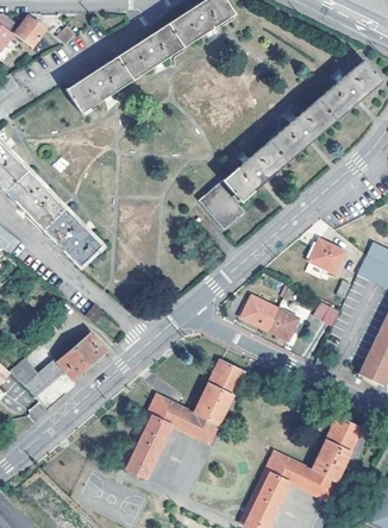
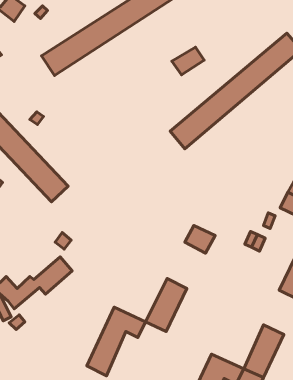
building: none -> [172,47,204,75]
building: [199,181,244,228] -> none
building: [311,239,346,272] -> none
building: [267,307,299,339] -> none
building: [184,411,219,442] -> none

